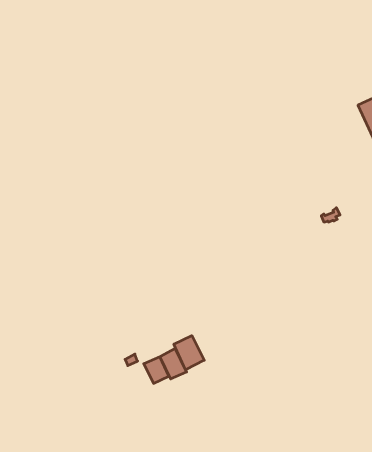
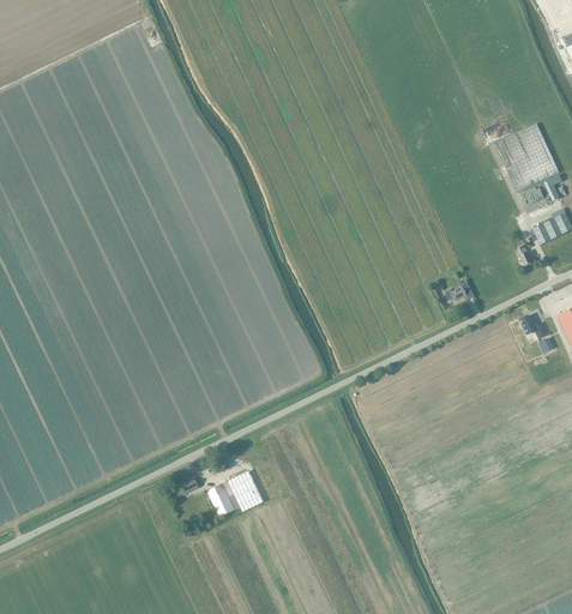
building: [174,336,204,370] -> none

